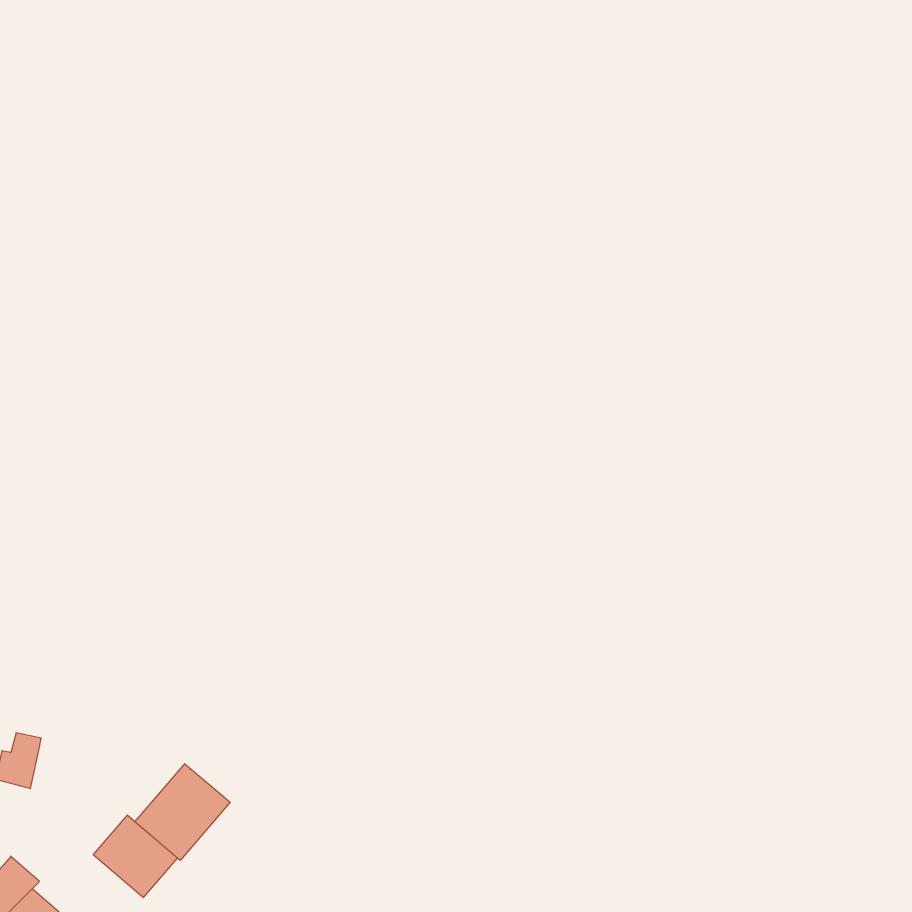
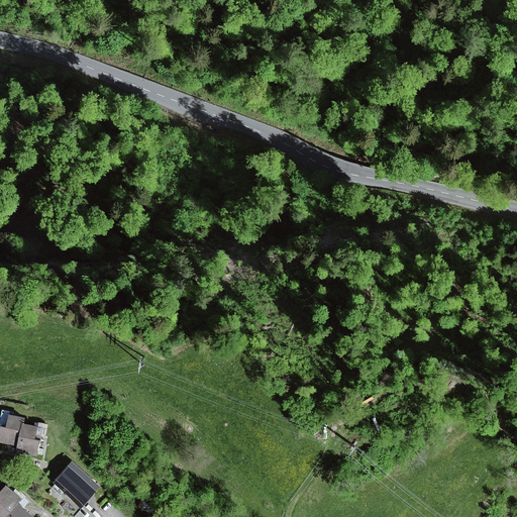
building: none -> [16,423,39,456]
building: [135,764,230,860] -> none

